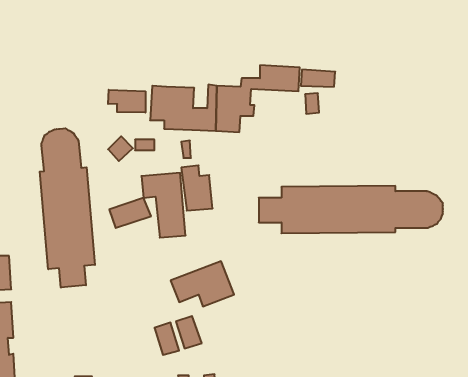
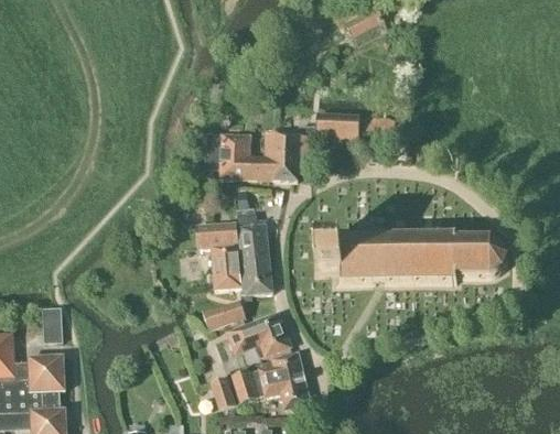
building: [108,90,145,113] -> none
building: [40,128,95,288] -> none
building: [109,198,151,228] -> [203,297,246,328]
building: none -> [241,258,272,294]
building: none -> [258,351,310,408]

